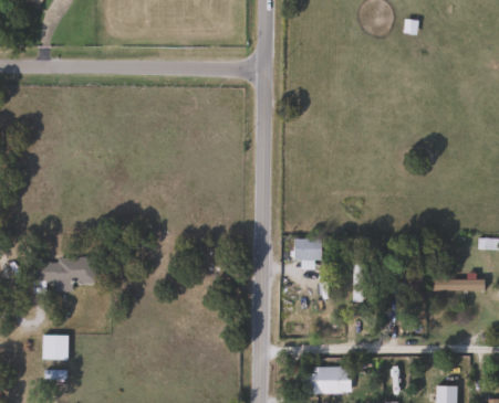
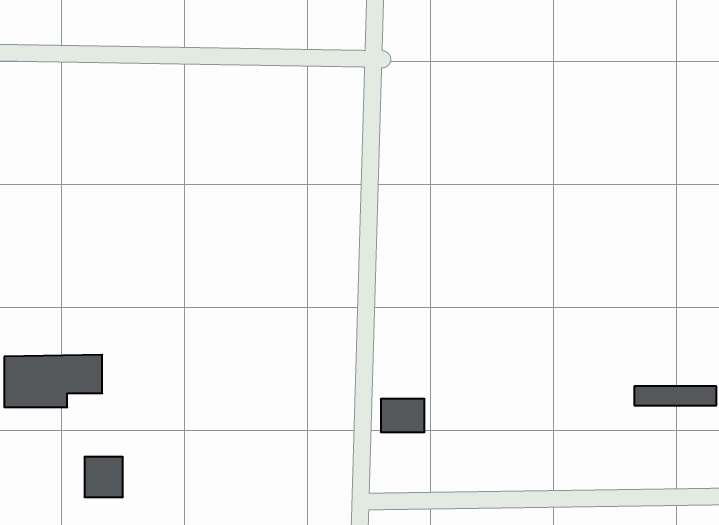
building: [294,238,322,259] -> [381,399,425,432]
building: [43,335,67,360] -> [84,457,123,497]

